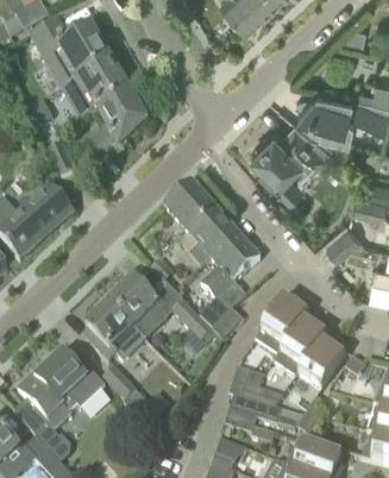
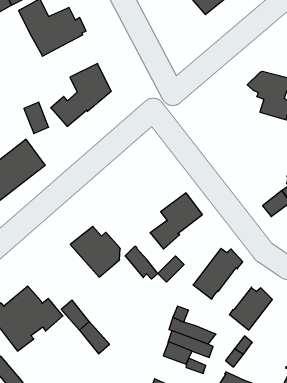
building: [64,61,128,120] -> none
building: [253,124,333,203] -> none
building: [164,183,240,260] -> none
building: [86,304,145,364] -> none
building: [280,320,328,369] -> none

